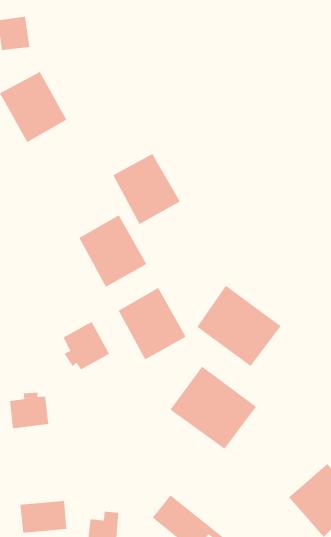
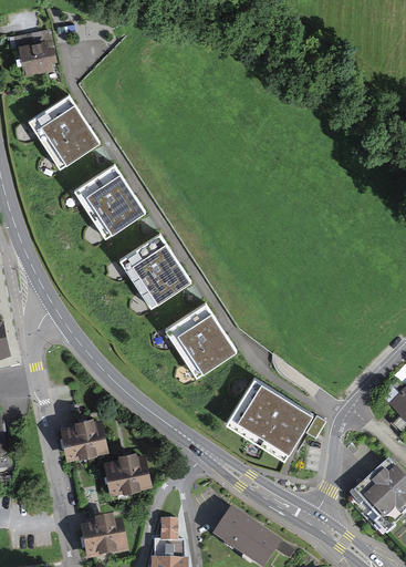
building: [112,153,181,225] -> [71,165,142,238]
building: [196,285,281,367] -> none
building: [63,321,110,370] -> none
building: none -> [104,452,146,491]

